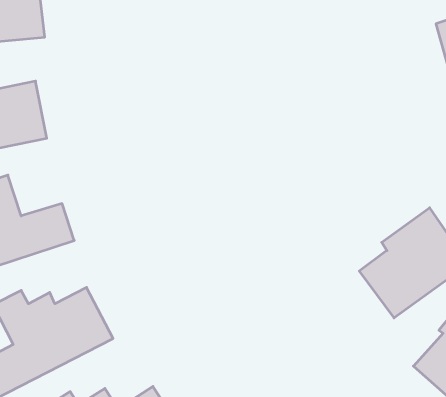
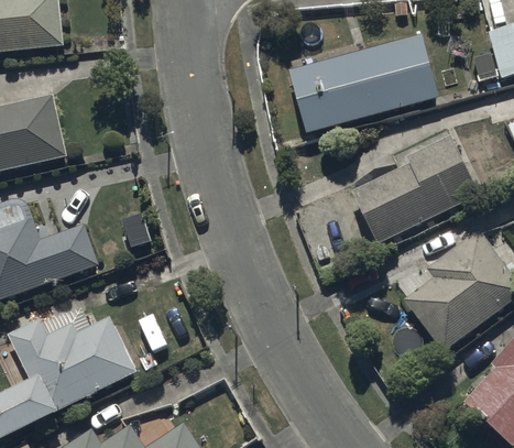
building: none -> [287,34,437,132]
building: none -> [350,135,479,244]

